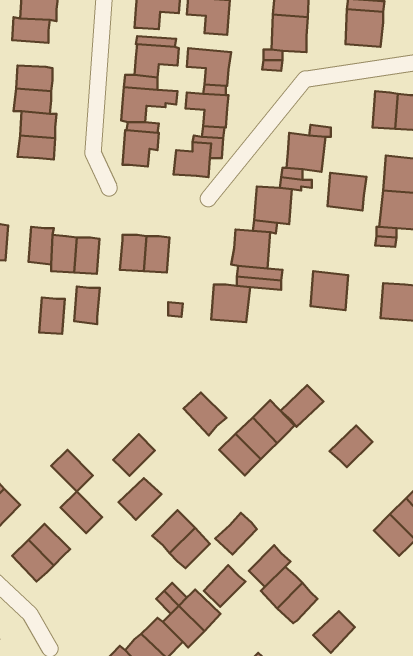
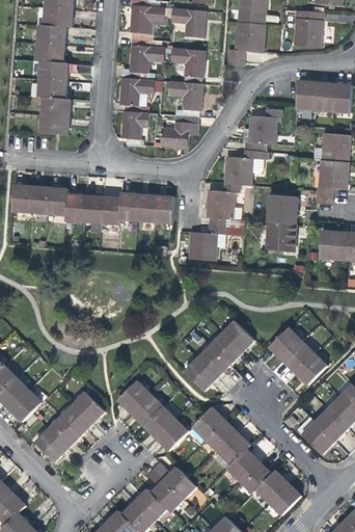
building: none -> [35,43,64,63]
building: none -> [297,81,317,110]
building: [328,173,367,210] -> [269,195,299,224]
building: none -> [156,195,174,224]
building: [74,286,100,324] -> [102,196,121,225]
building: [39,298,65,334] -> [31,186,51,214]
building: [280,385,323,427] -> [269,328,302,361]
building: [183,392,226,435] -> [183,360,216,393]
building: [113,434,155,476] -> [132,394,164,426]
building: none -> [295,353,328,387]
building: [51,450,93,491] -> [61,404,93,436]
building: none -> [302,422,335,454]
building: [204,565,246,607] -> [207,421,239,453]
building: none -> [256,472,289,503]

